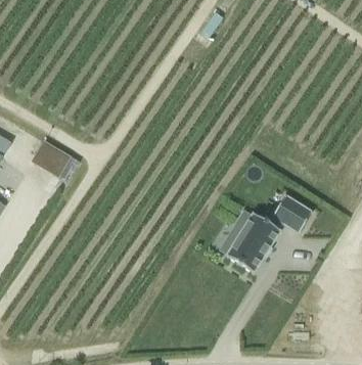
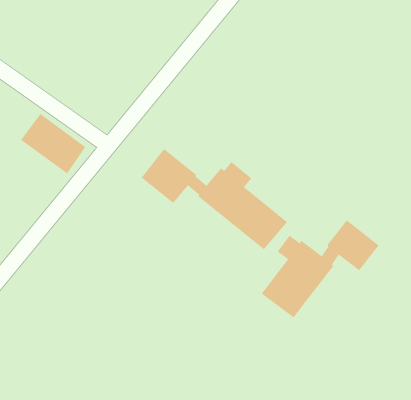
building: none -> [141,148,288,250]

